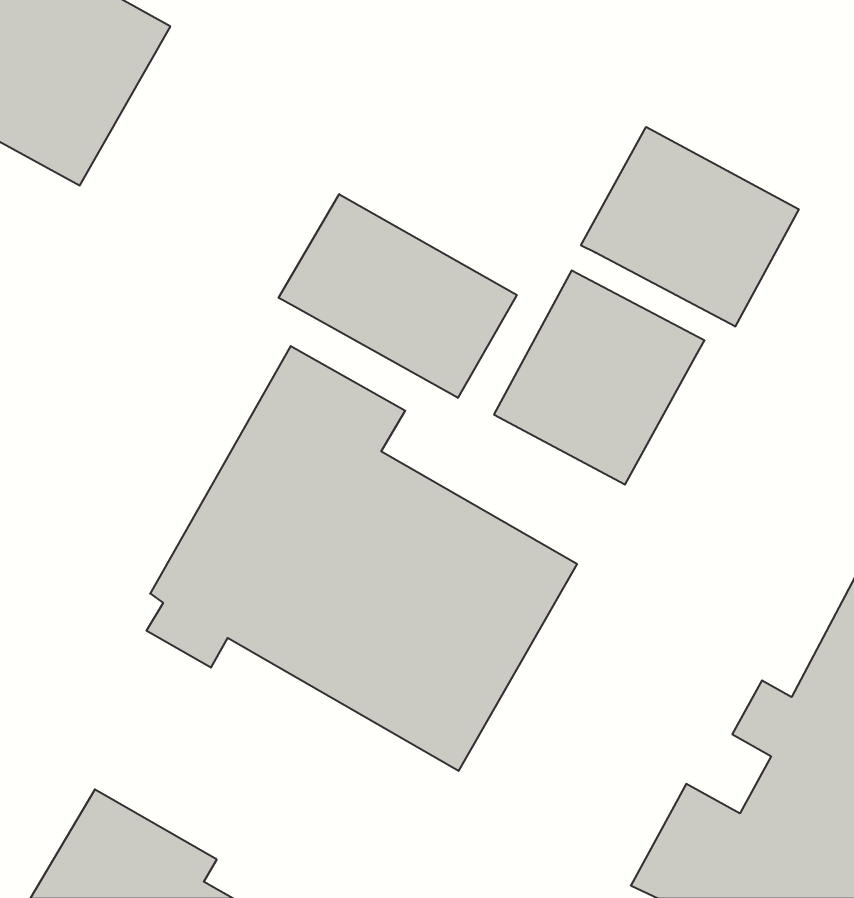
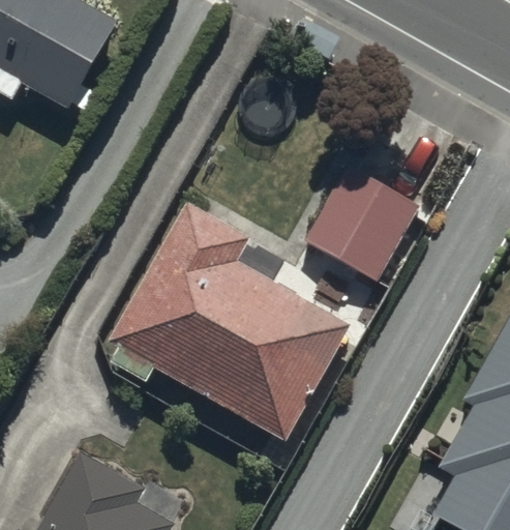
building: [581,127,799,327] -> none
building: [279,194,517,398] -> none

